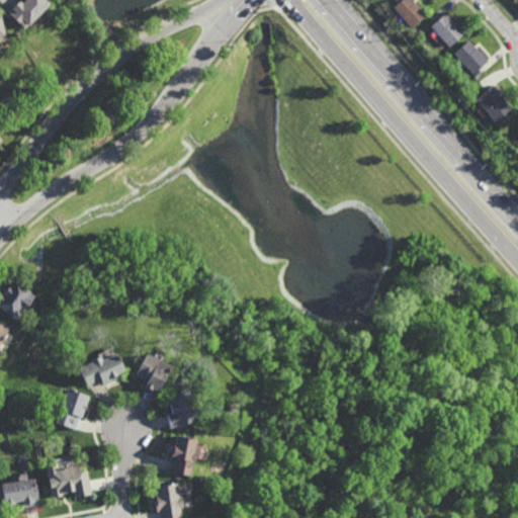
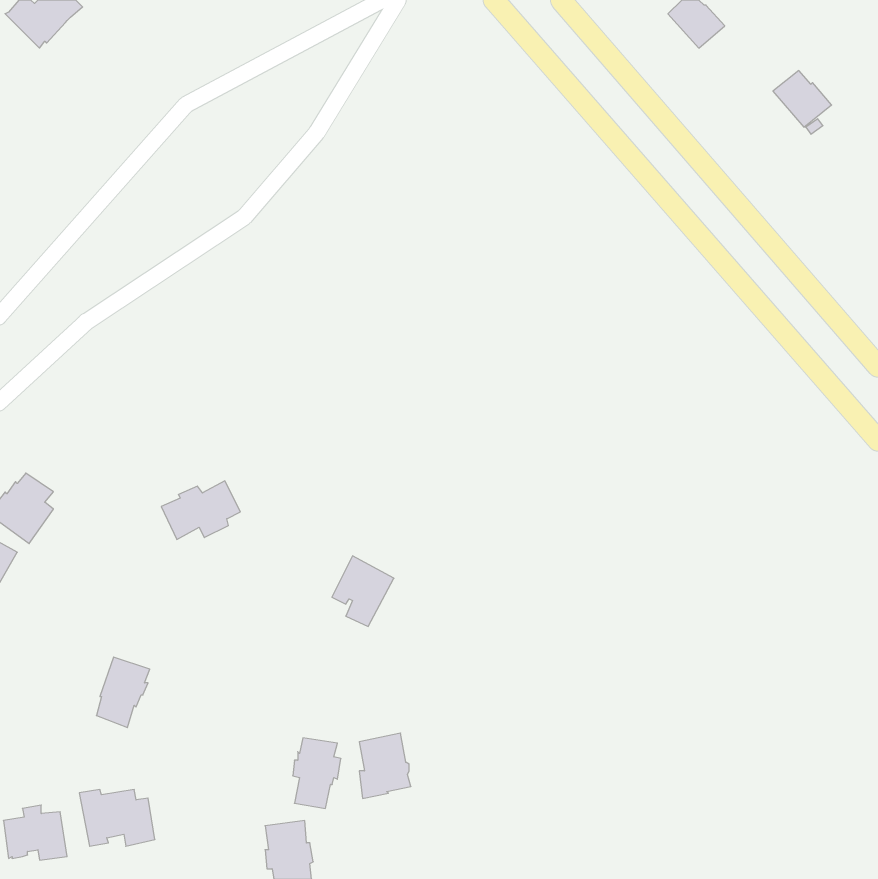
building: [431,14,465,48] -> none
building: [477,88,512,123] -> none
building: [79,350,125,384] -> [161,481,240,539]
building: [136,350,172,392] -> [332,556,394,626]
building: [168,390,198,428] -> [359,733,411,798]

